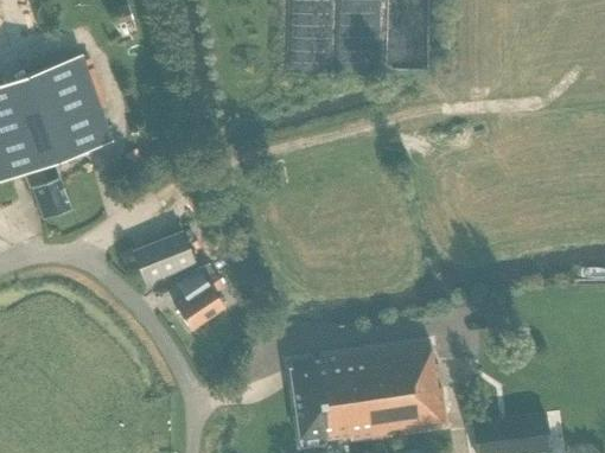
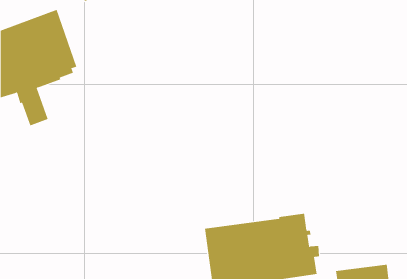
building: [132,232,196,283] -> none
building: [174,264,224,331] -> none

